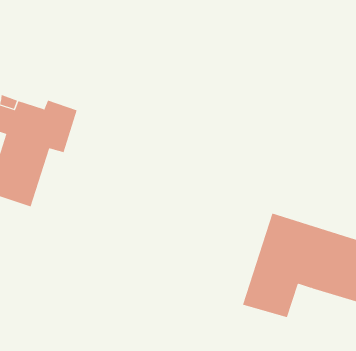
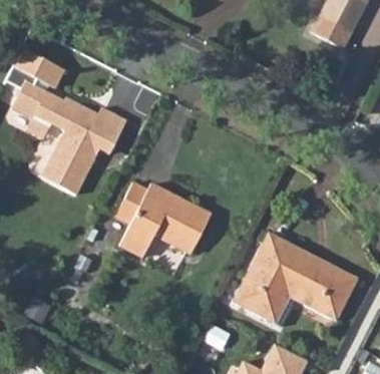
building: none -> [110,184,208,259]

